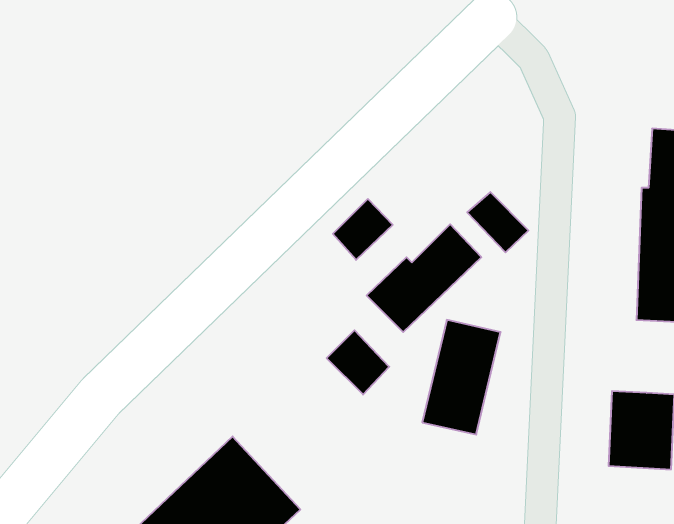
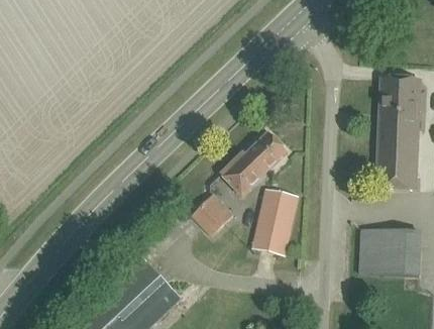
building: [467,192,528,252] -> none
building: [333,199,393,260] -> none

